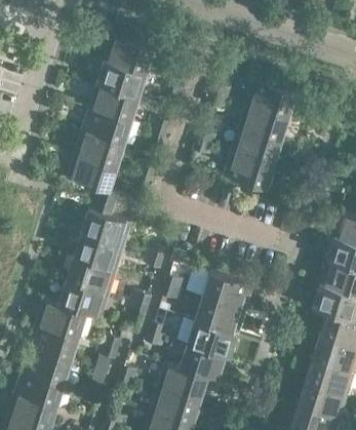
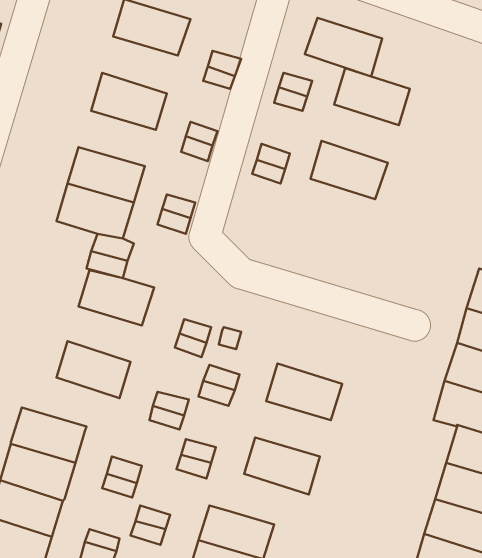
building: [97,58,147,95] -> none
building: [240,103,290,141] -> [305,18,382,76]
building: [82,107,132,143] -> none
building: [226,151,275,189] -> none
building: [75,234,123,270] -> none
building: [61,280,109,319] -> none
building: [197,296,246,331] -> none
building: [182,343,232,382] -> none

